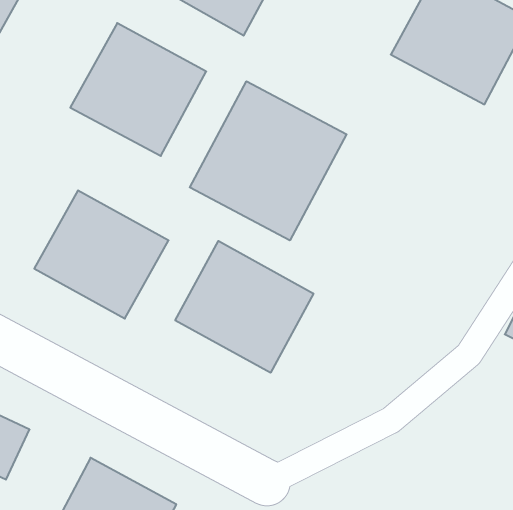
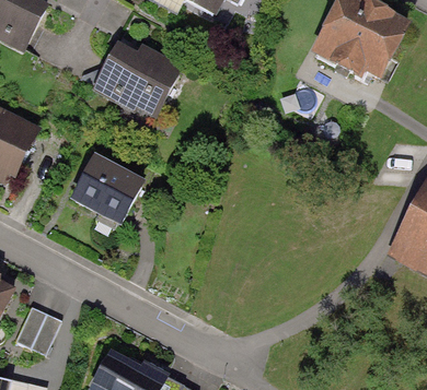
building: [190,81,347,240] -> none
building: [175,241,313,373] -> none

